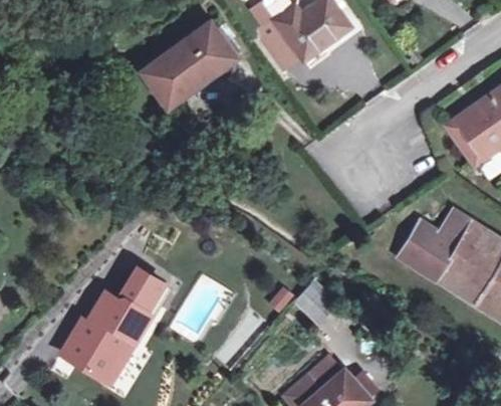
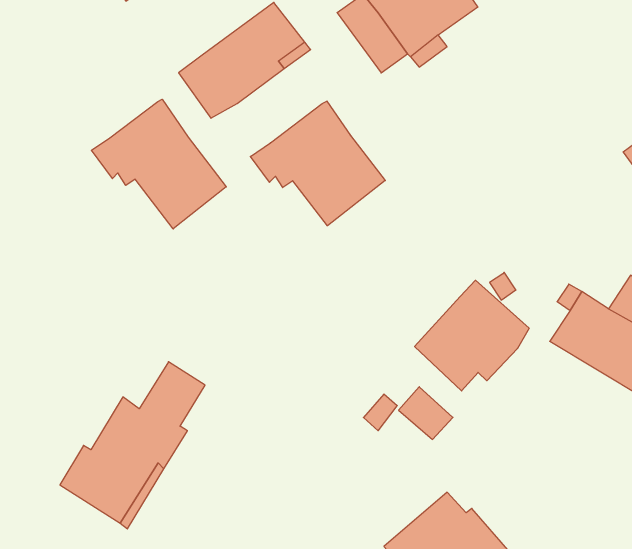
building: none -> [91,99,226,229]
building: none -> [250,101,385,226]
building: none -> [415,280,529,391]

